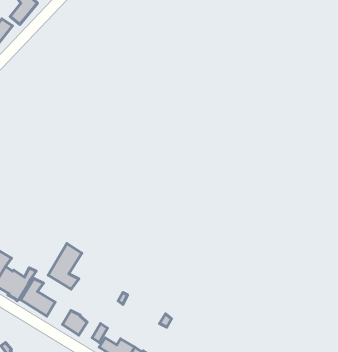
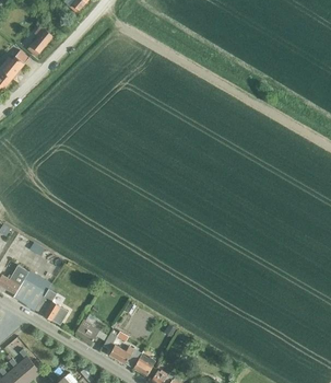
building: [48,243,82,289] -> none

